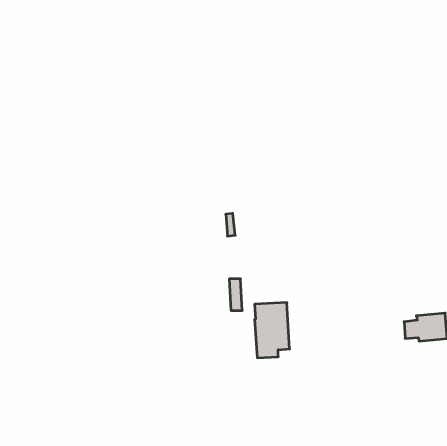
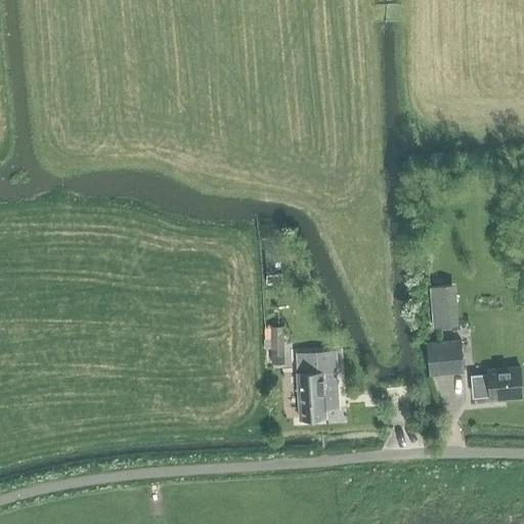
building: none -> [430,285,460,329]
building: none -> [428,341,464,376]

